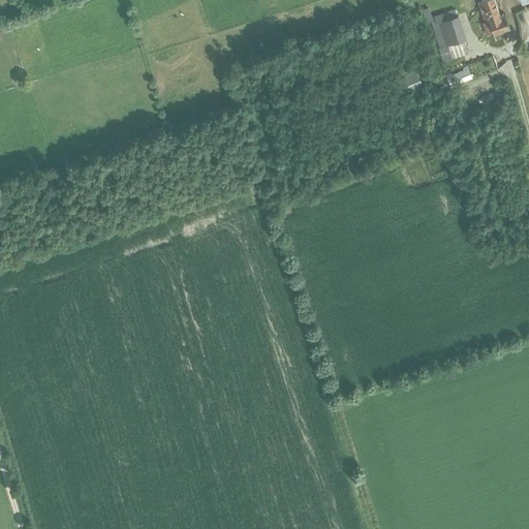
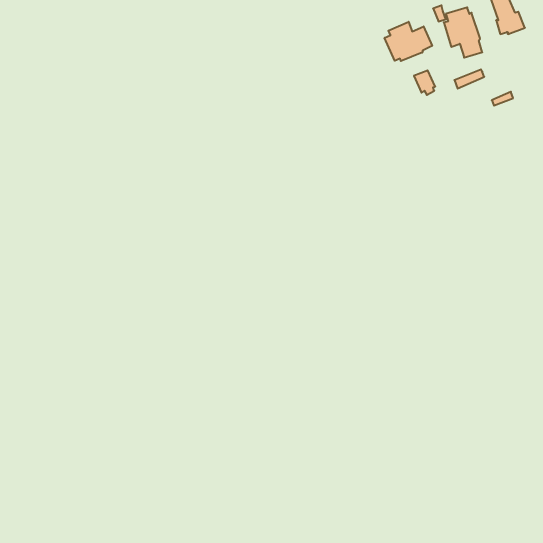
building: none -> [385,22,432,61]

